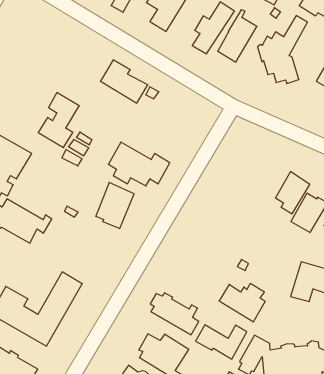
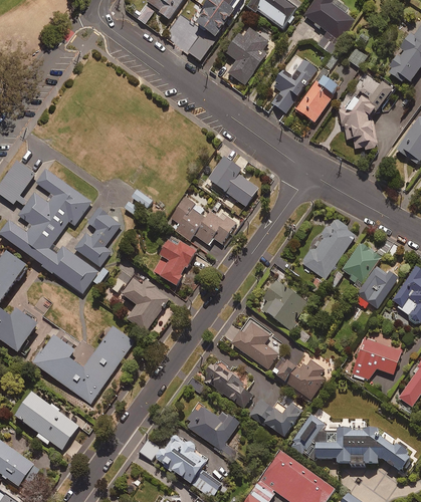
building: [100,60,148,103] -> [210,160,259,207]
building: [38,93,79,148] -> [74,208,120,266]
building: none -> [301,219,357,279]
building: none -> [262,282,306,330]
building: none -> [123,281,170,333]
building: none -> [230,318,277,366]

